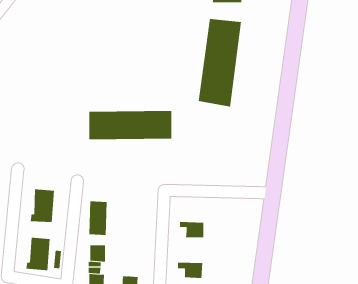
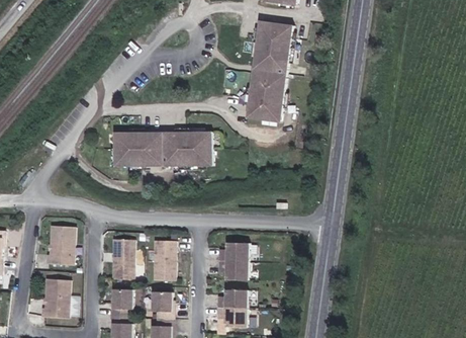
building: none -> [154,240,176,279]
building: none -> [219,243,250,263]
building: none -> [217,291,248,311]
building: none -> [153,292,173,312]

